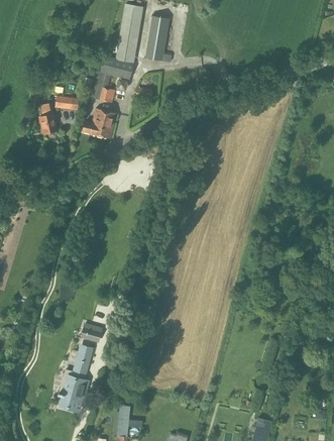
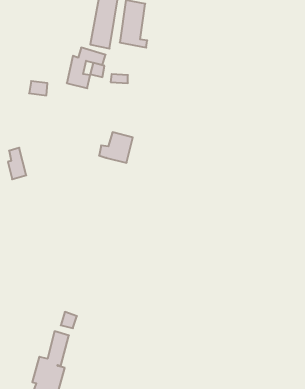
building: [39,102,58,133] -> [8,148,26,179]
building: [83,107,116,137] -> [99,132,133,163]

